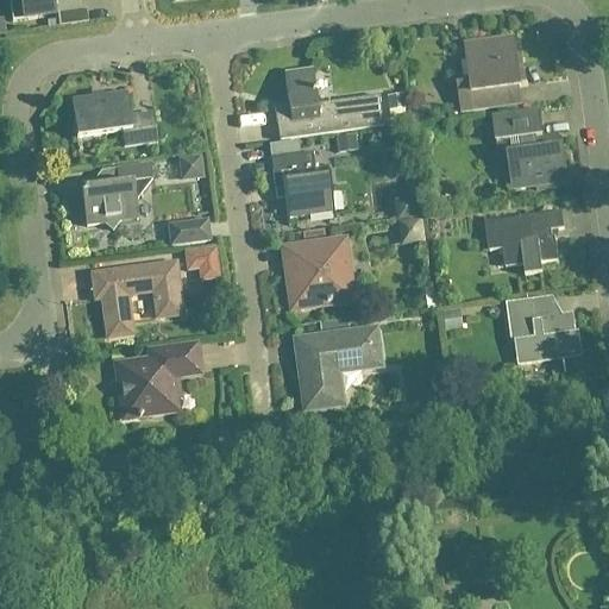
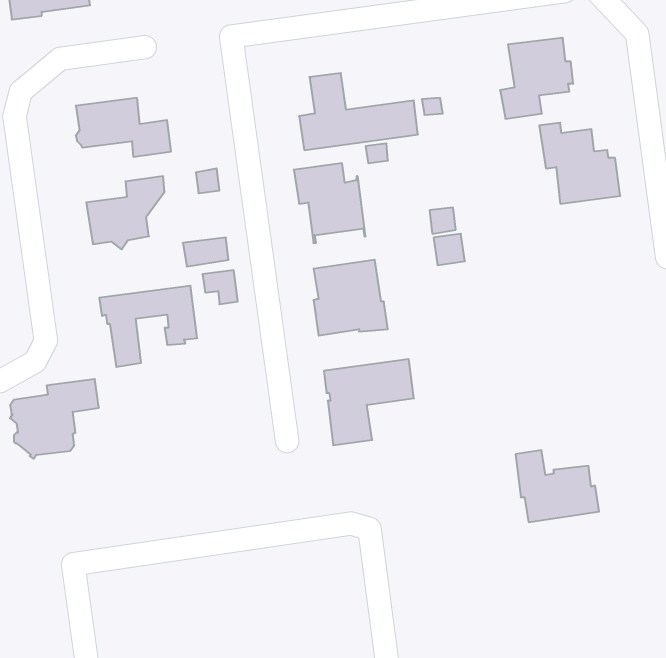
building: [484,208,564,272] -> none
building: [506,296,582,362] -> [516,450,599,522]
building: [117,343,197,415] -> [10,379,99,459]

